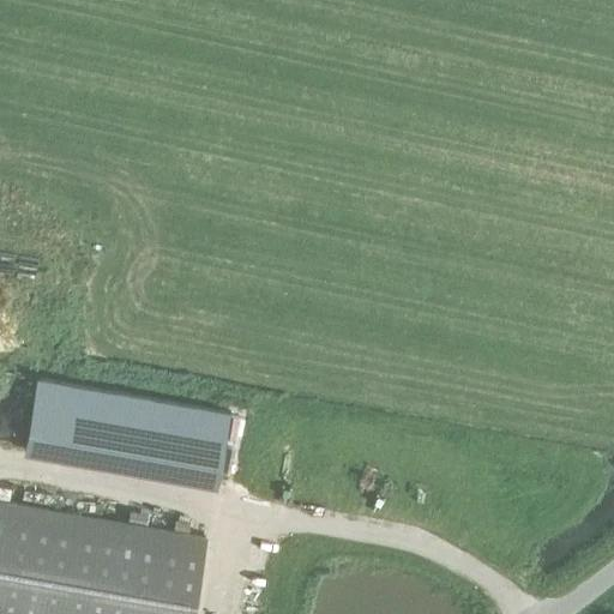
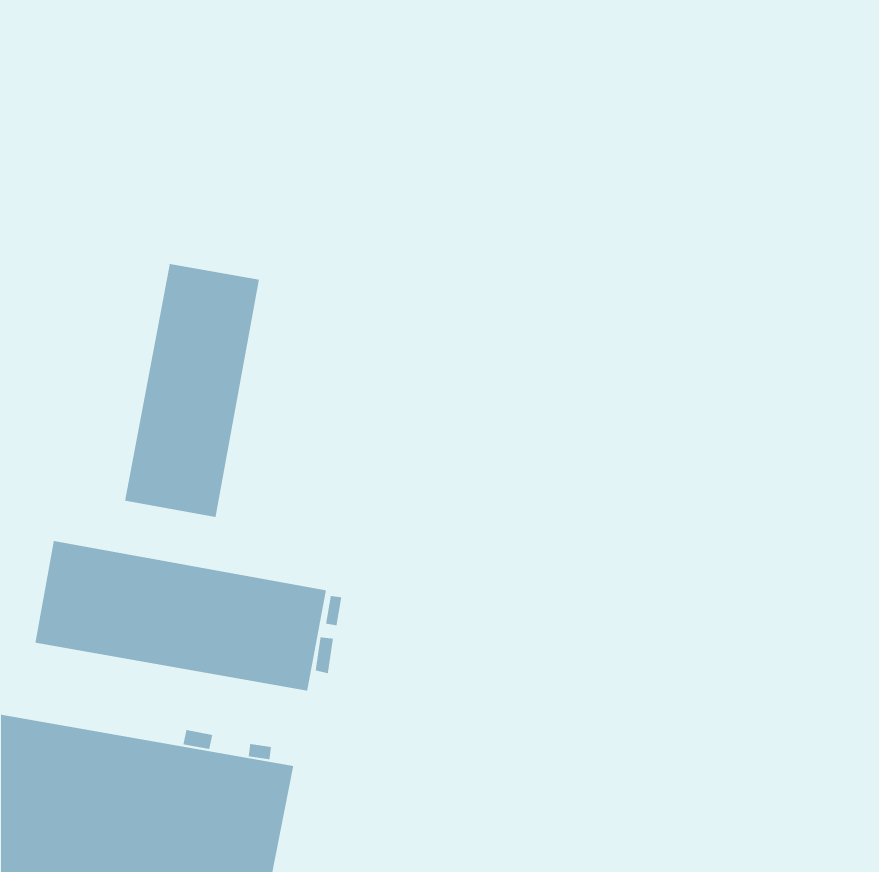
building: none -> [124,263,260,518]

